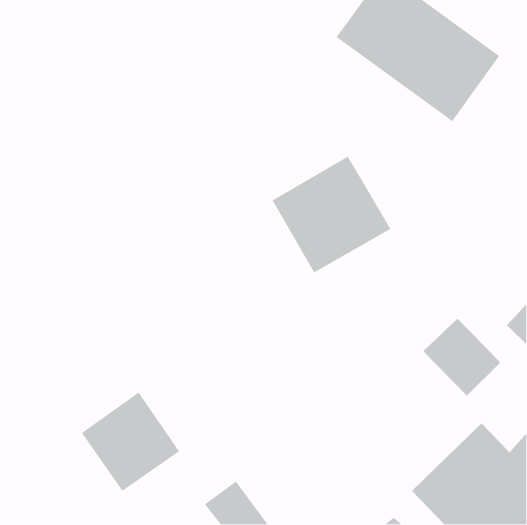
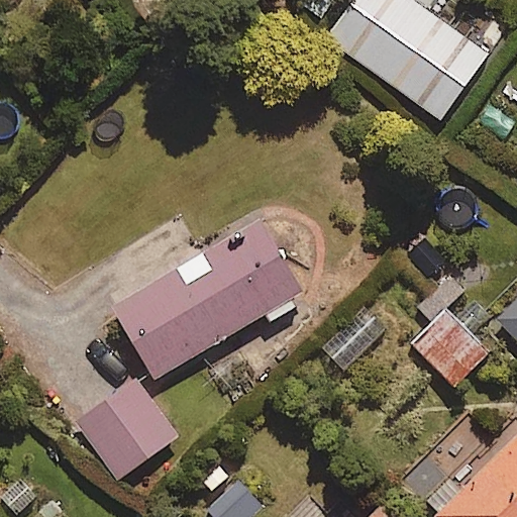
building: [272,155,392,273] -> none
building: none -> [111,231,302,381]

